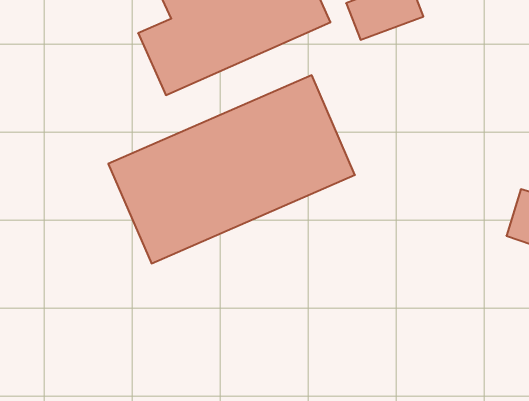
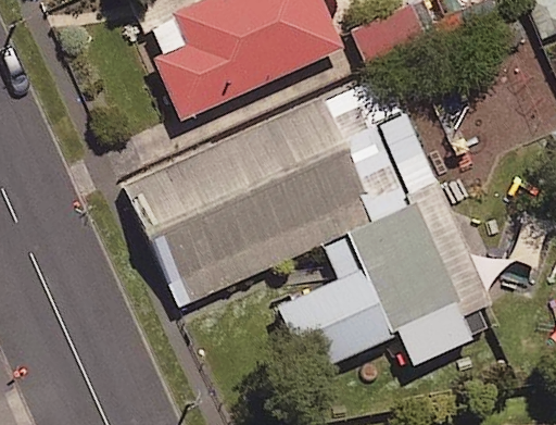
building: none -> [281,202,464,372]

